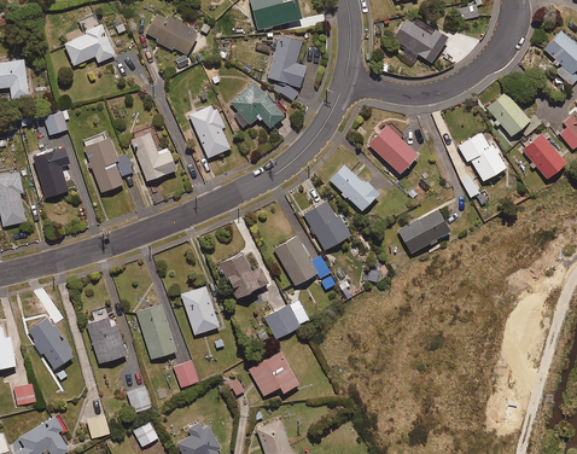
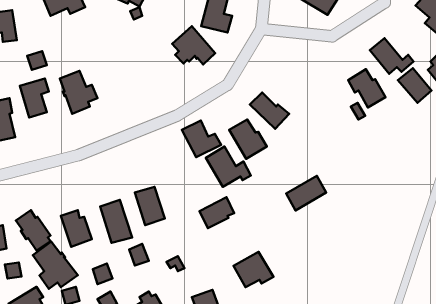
building: [188,103,231,157] -> none
building: [368,123,419,174] -> none
building: [130,133,177,181] -> none
building: [398,208,450,252] -> [286,176,326,210]
building: [218,251,269,298] -> [182,121,221,157]
building: [247,351,299,397] -> [233,252,274,287]
building: none -> [33,242,78,289]

